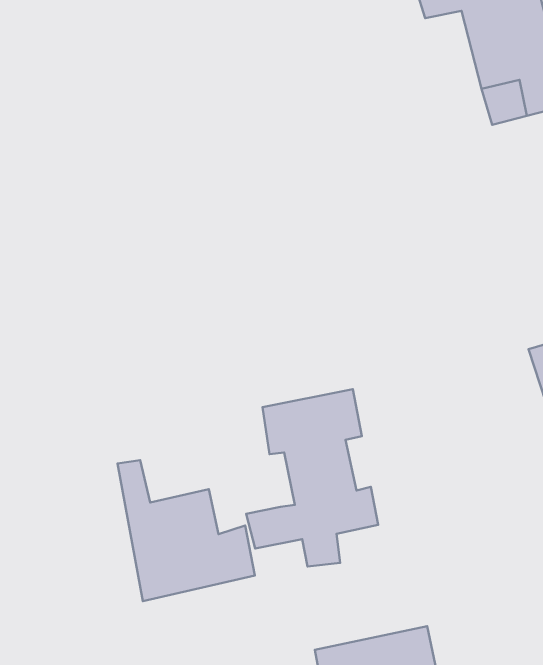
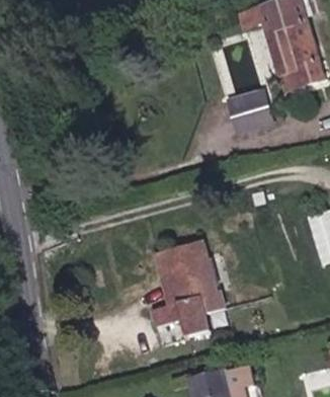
building: none -> [228,91,270,134]
building: [118,460,255,601] -> none

